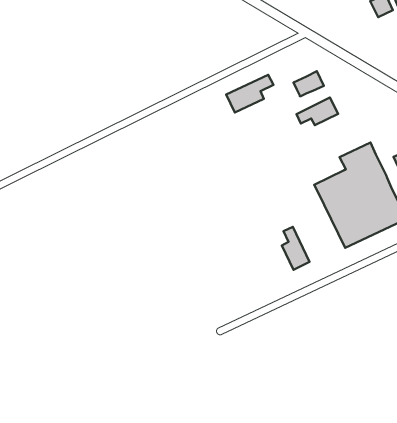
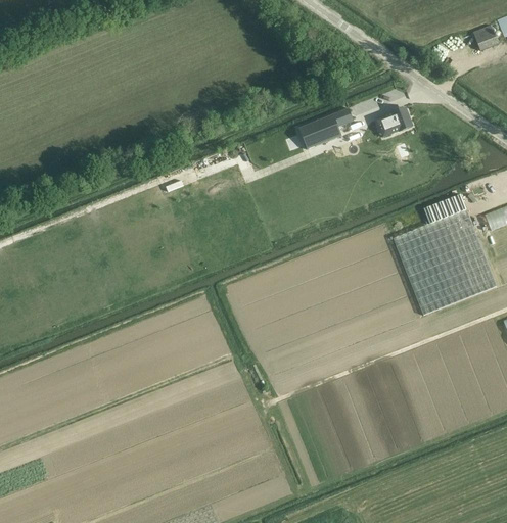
building: [296,97,338,125] -> none
building: [282,227,310,270] -> none

